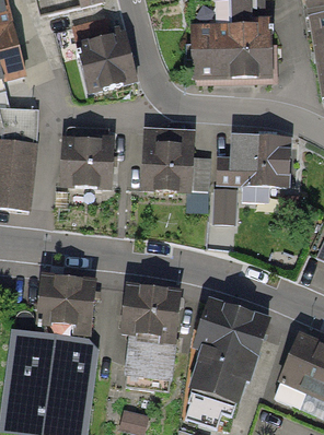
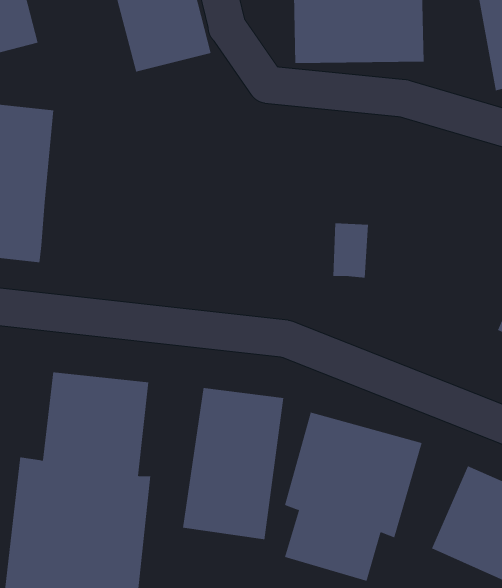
building: [231,128,293,183] -> none
building: [137,132,193,192] -> none
building: [63,134,114,185] -> none

